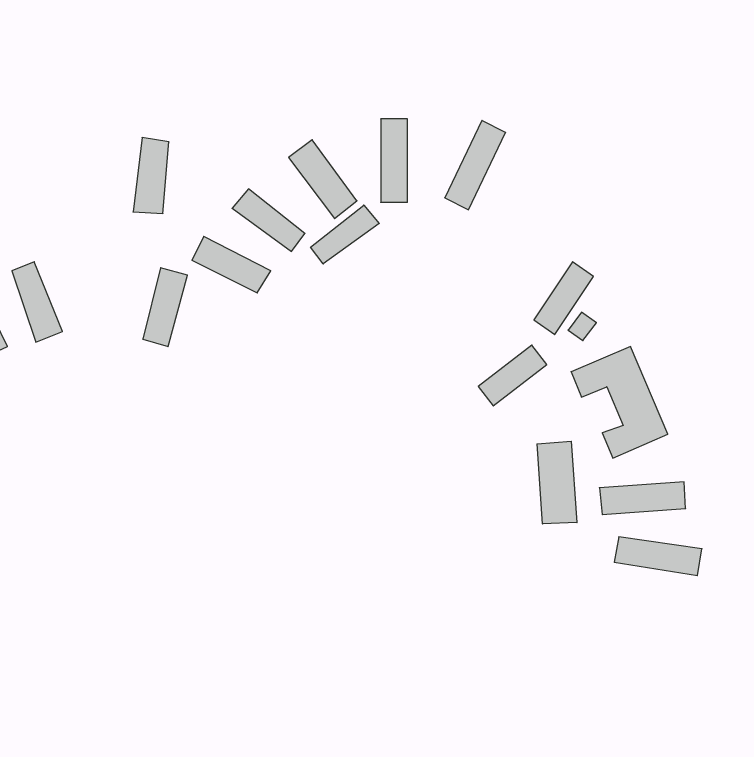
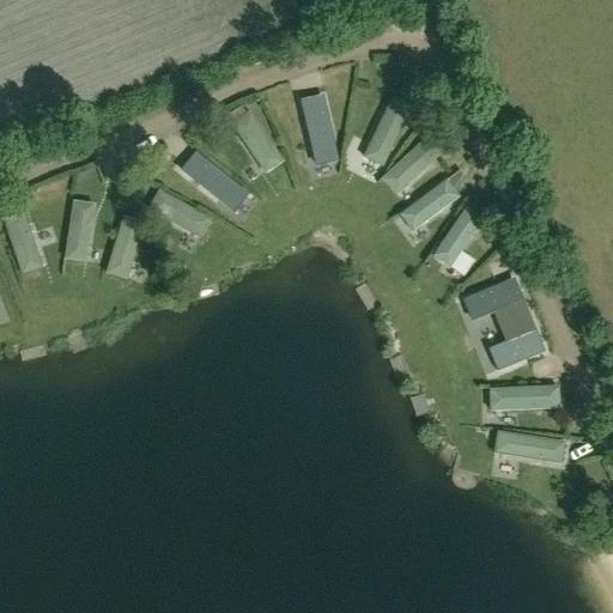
building: [133,138,169,213] -> [71,200,99,261]
building: none -> [380,135,442,195]
building: [311,205,379,264] -> none
building: [478,345,547,406] -> [395,183,450,232]
building: [537,441,577,524] -> none

